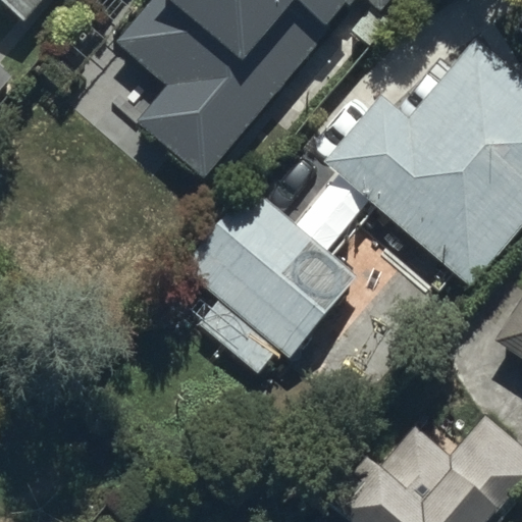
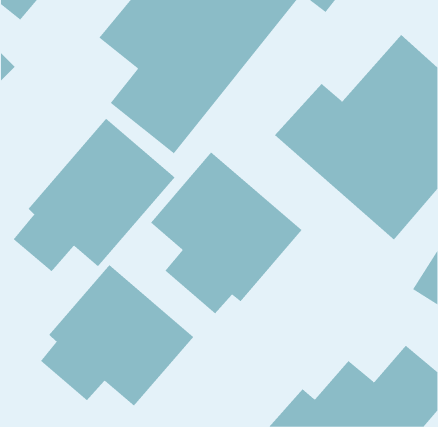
building: none -> [13,118,175,272]
building: none -> [40,264,194,407]

